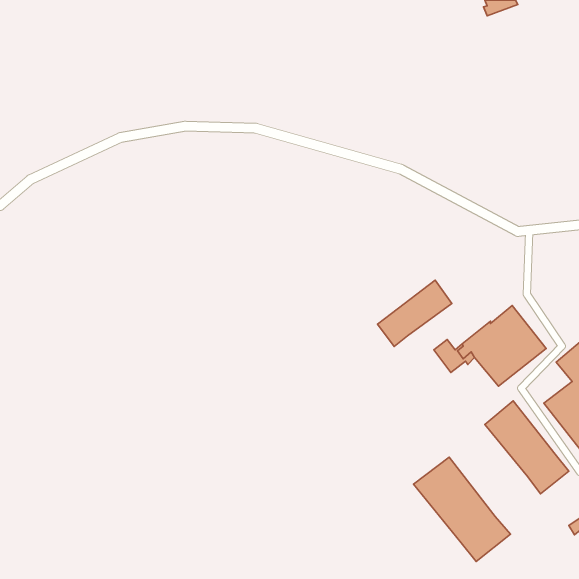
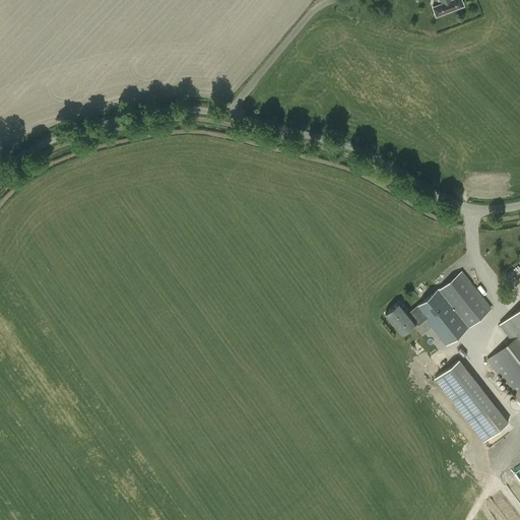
building: [377,280,452,347] -> none
building: [414,457,511,562] -> none

